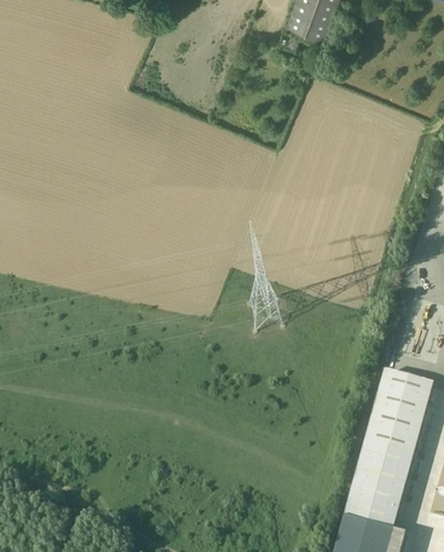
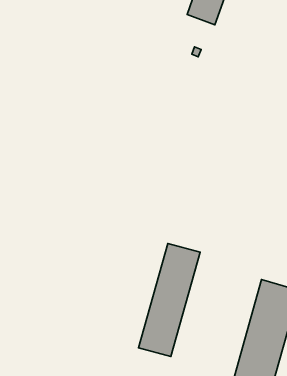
building: none -> [138,243,200,357]

